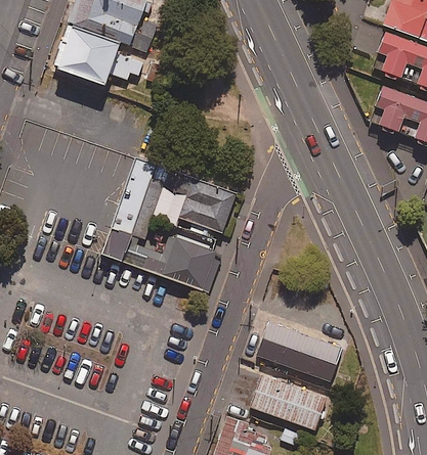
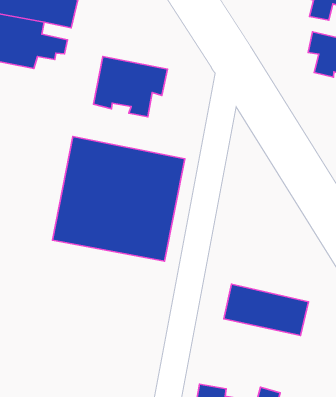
building: none -> [93,56,167,117]
building: [250,372,328,429] -> none

